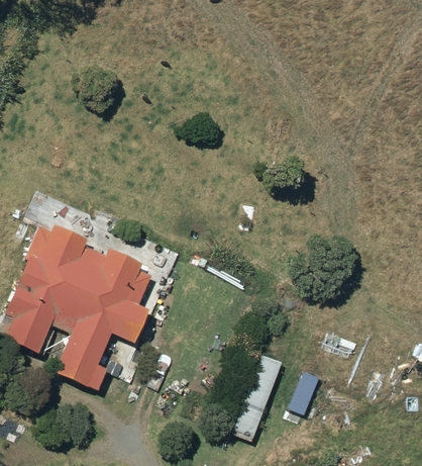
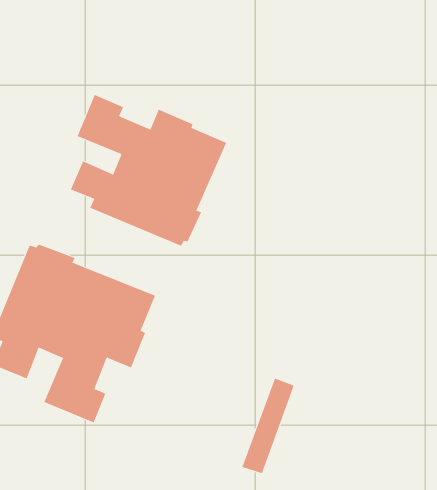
building: none -> [70,94,227,246]

